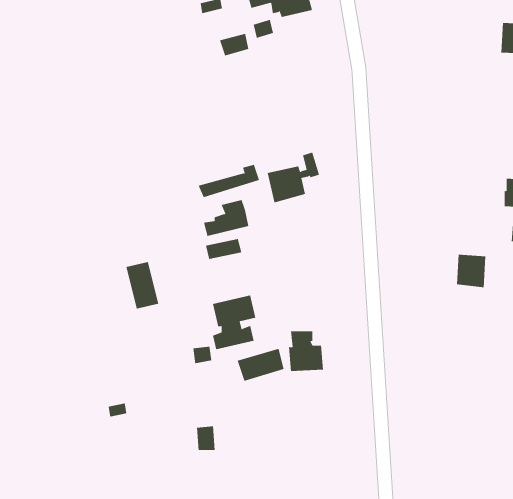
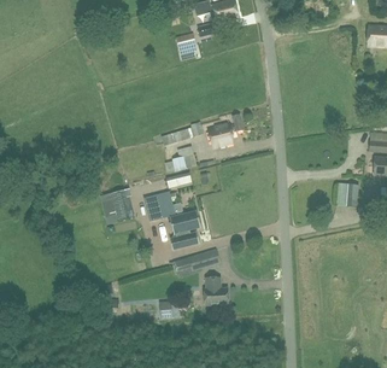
building: none -> [146,192,175,218]
building: [288,331,324,372] -> [204,276,228,304]

